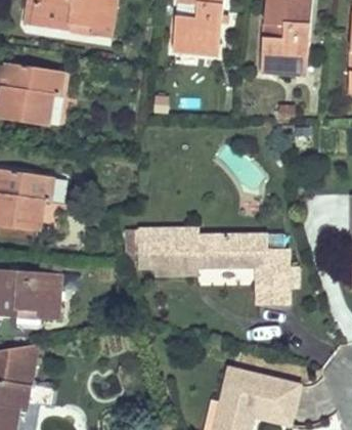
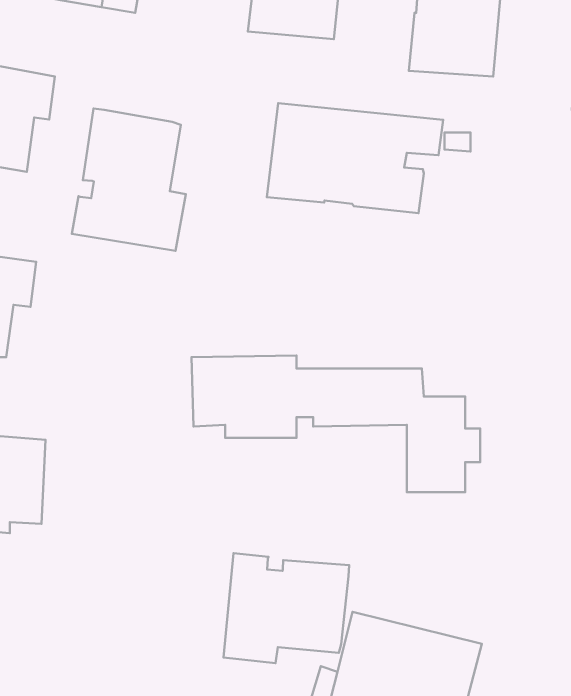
building: none -> [267,103,443,213]
building: none -> [72,109,186,251]
building: none -> [223,553,349,663]

